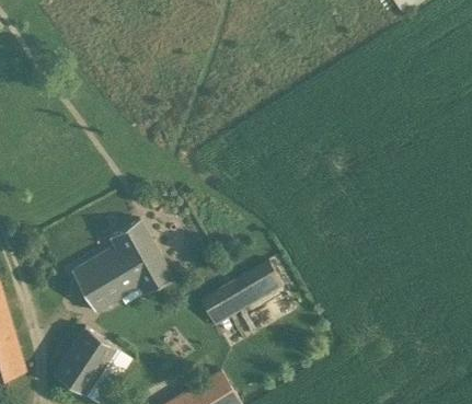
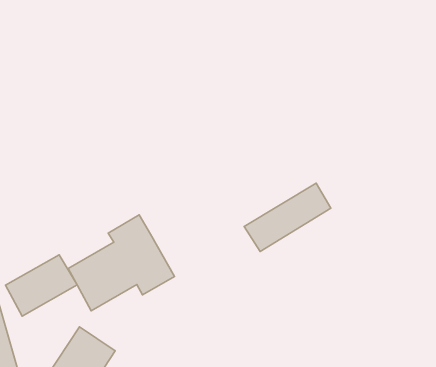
building: none -> [6,255,77,316]
building: [199,261,283,326] -> [244,183,331,252]

